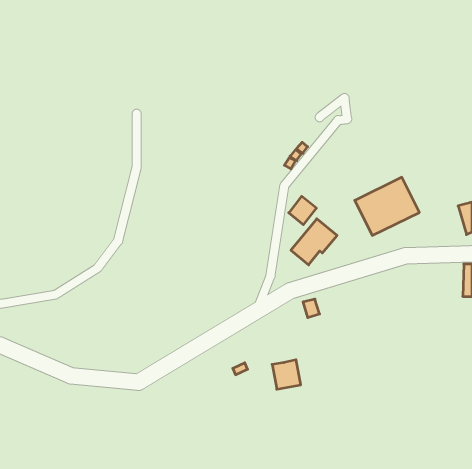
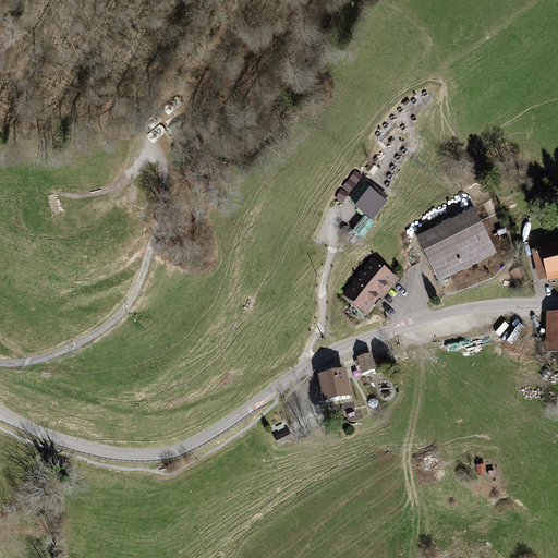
building: [289,196,316,225] -> [355,182,388,216]
building: [272,360,301,389] -> [318,369,352,404]

